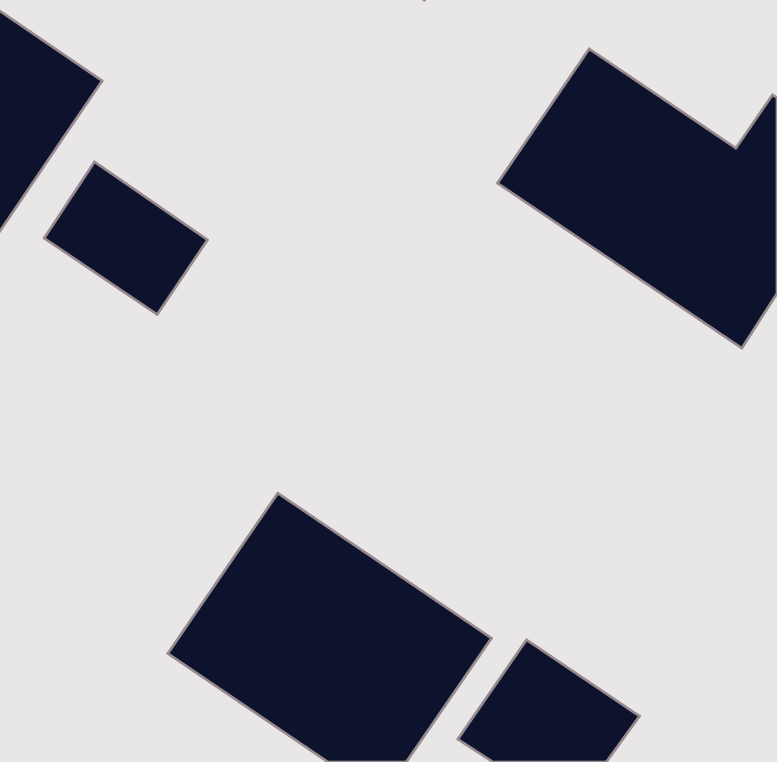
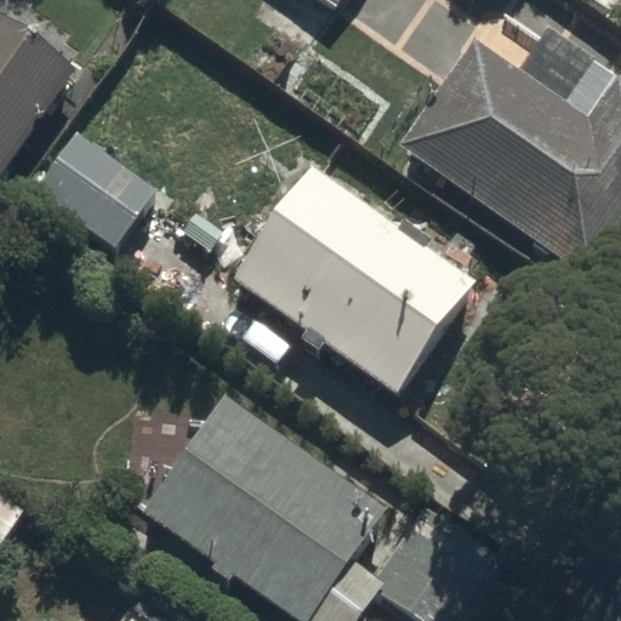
building: none -> [229,159,475,391]

